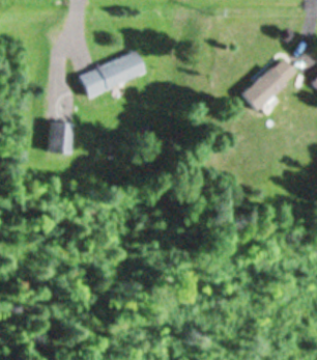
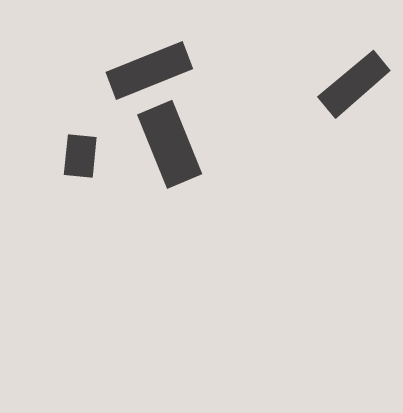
building: none -> [136,99,203,190]

